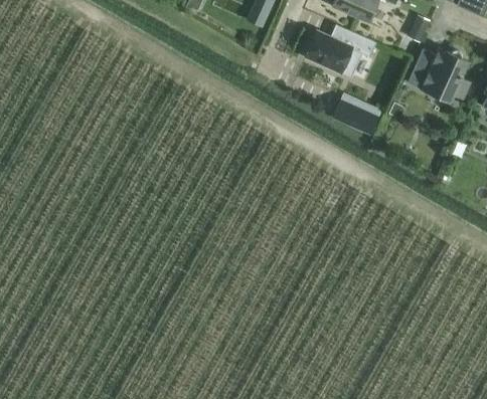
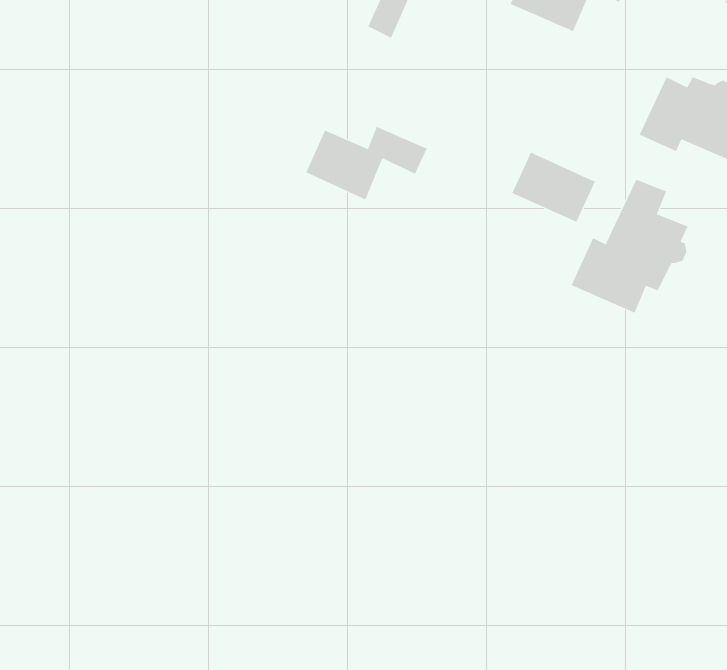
building: [305,29,376,72] -> [306,126,428,200]
building: none -> [571,179,688,313]

